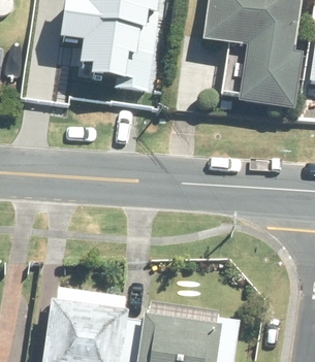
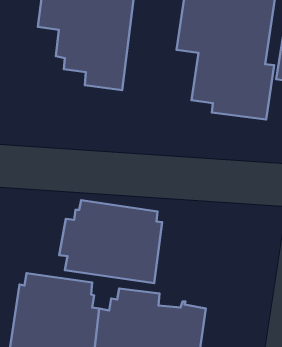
building: none -> [59,200,162,283]

